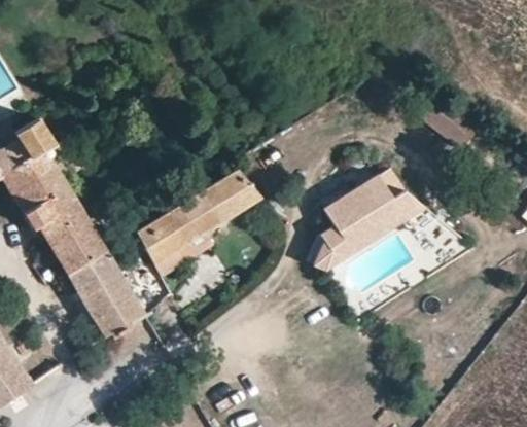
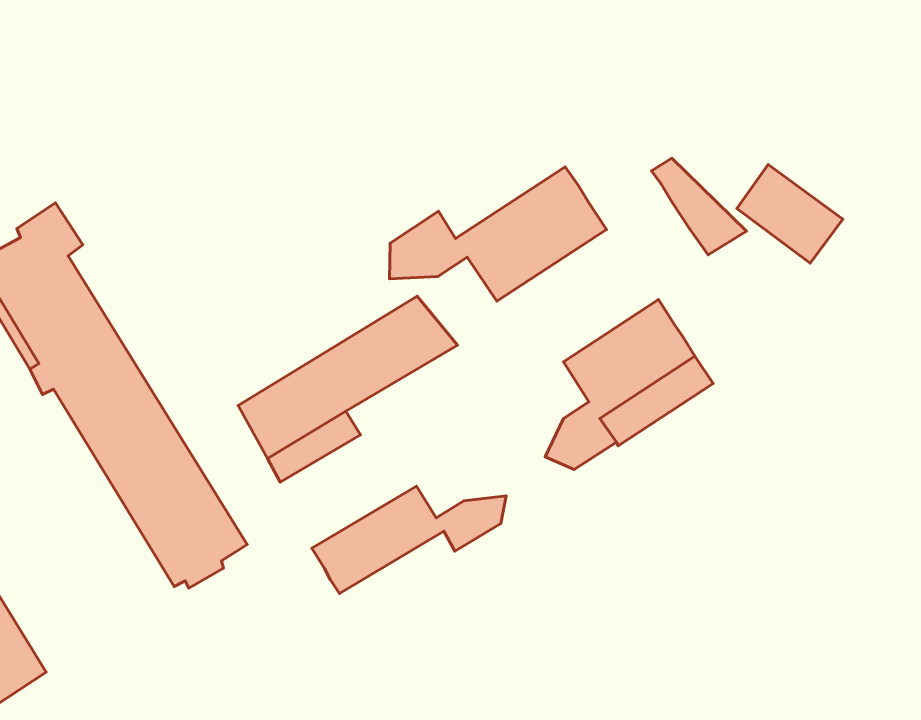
building: none -> [389,167,606,301]
building: [385,179,438,234] -> [652,158,747,255]
building: none -> [312,486,506,593]

